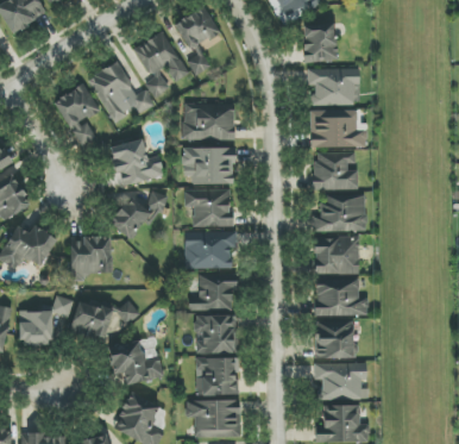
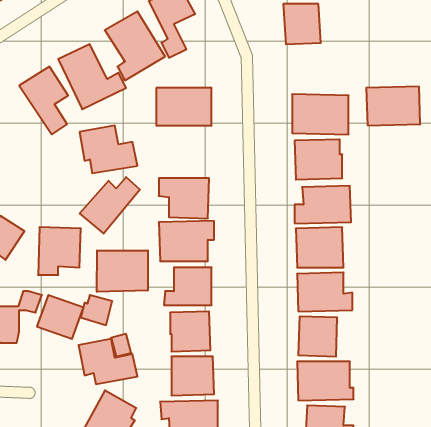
building: [309,68,360,105] -> [366,87,420,125]
building: [183,148,234,185] -> none
building: none -> [97,250,148,292]

